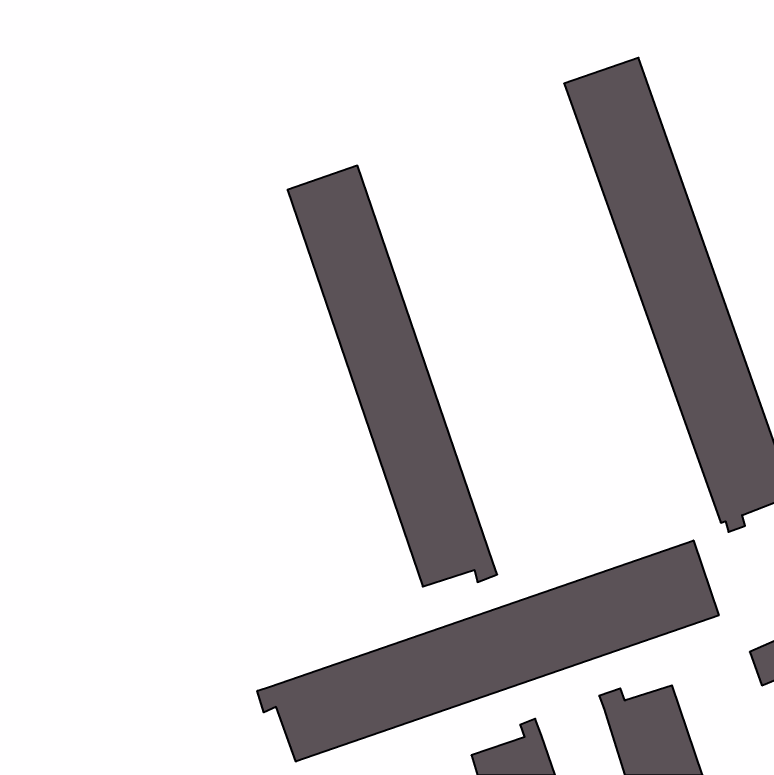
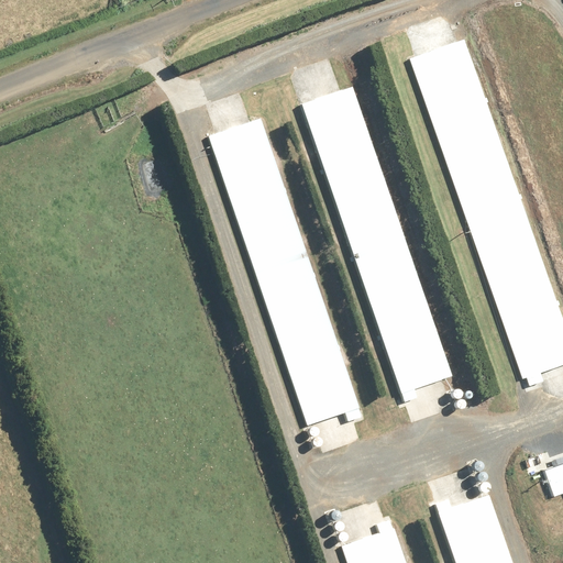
building: none -> [301,88,452,402]
building: [257,540,719,762] -> none

